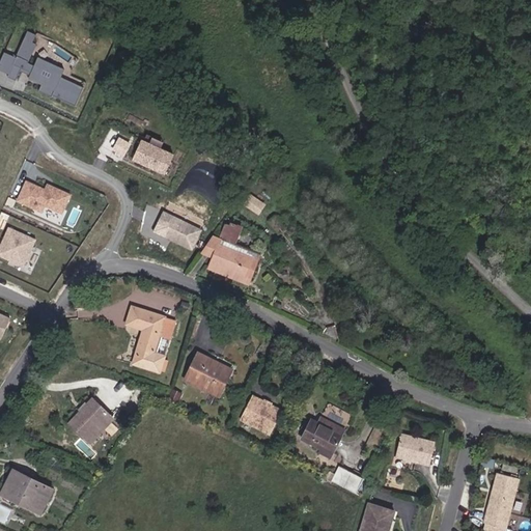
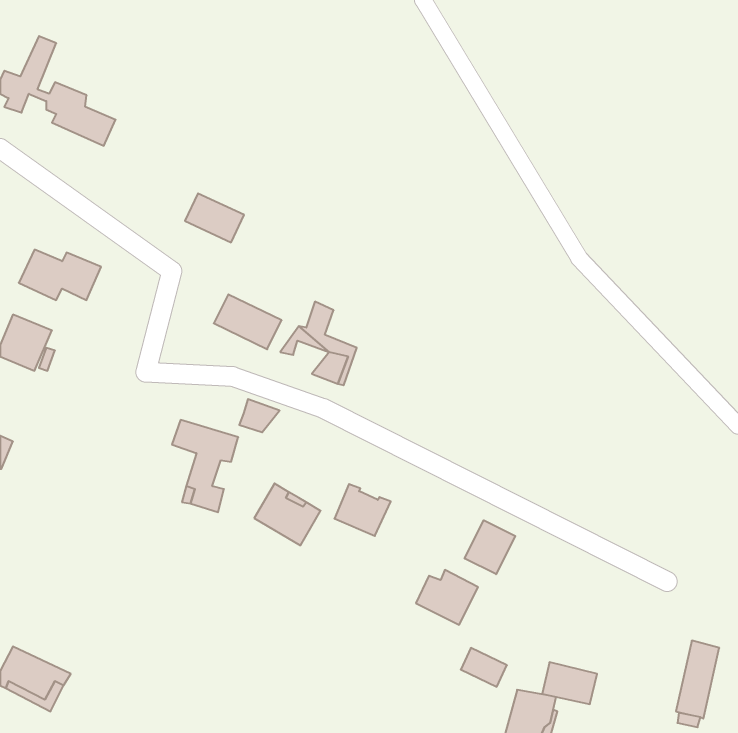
building: [207,248,236,272] -> [239,399,280,432]
building: none -> [465,520,515,574]
building: [242,393,282,430] -> [334,484,391,536]
building: [68,401,106,440] -> none
building: [394,426,434,456] -> [542,662,597,704]

